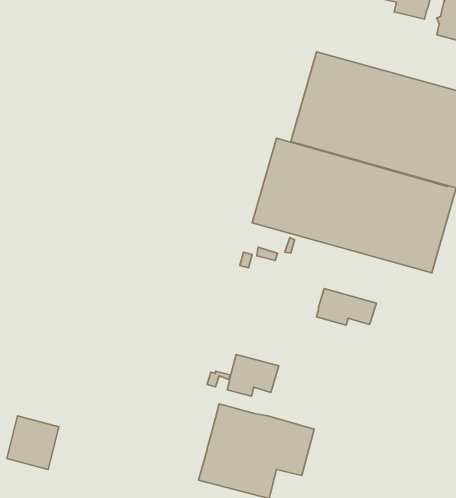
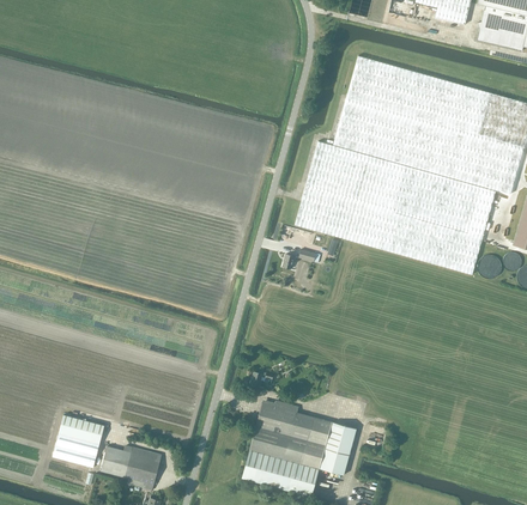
building: [316,289,377,325] -> none
building: [227,355,279,396] -> none
building: none -> [98,445,163,491]

